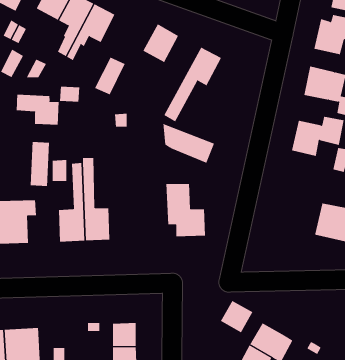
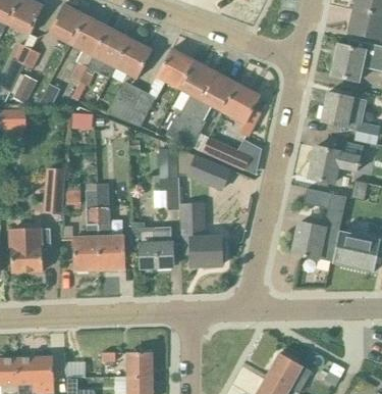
building: none -> [116,39,153,79]
building: none -> [166,60,217,141]
building: none -> [223,81,261,136]
building: none -> [125,89,156,127]
building: [16,94,59,125] -> none
building: none -> [202,135,250,168]
building: none -> [159,149,179,210]
building: none -> [292,188,346,261]
building: none -> [131,221,172,266]
building: [220,300,253,333] -> none

